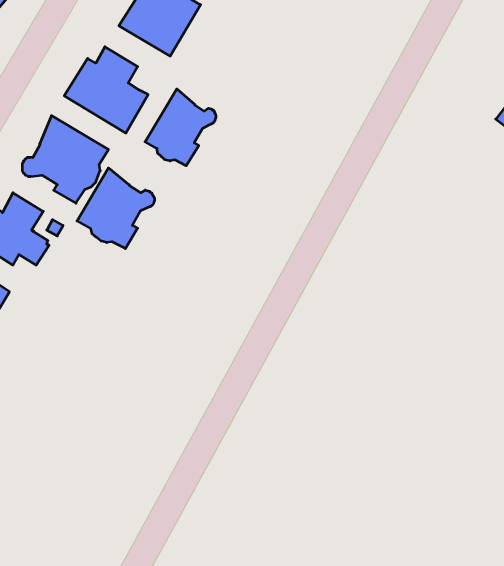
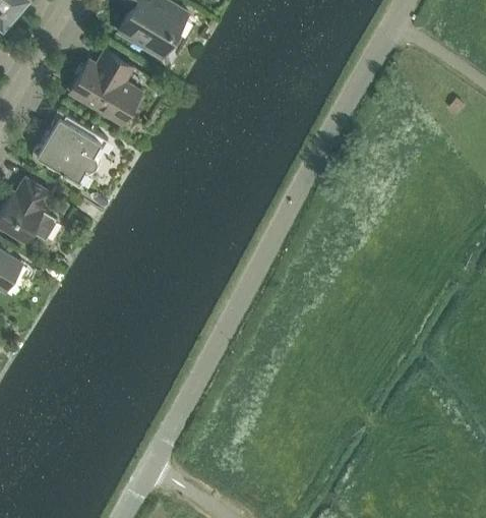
building: [145,89,216,166] -> none
building: [77,168,154,249] -> none

